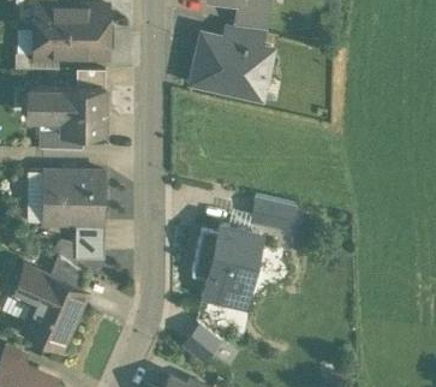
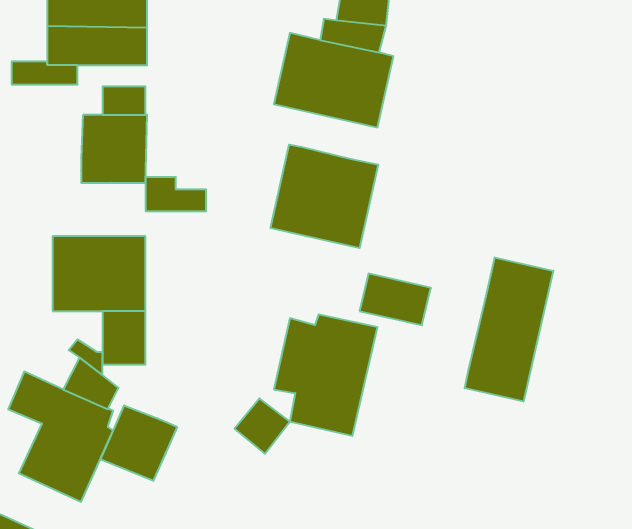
building: [29,89,64,119] -> none
building: none -> [270,145,378,248]
building: [42,127,83,150] -> [146,177,206,211]
building: none -> [465,257,553,402]
building: none -> [100,405,177,481]
building: [184,323,221,361] -> [235,398,290,454]

